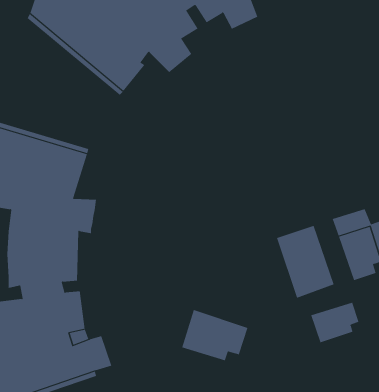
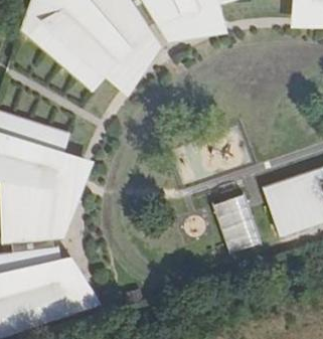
building: [311,302,359,343] -> none
building: [181,309,248,361] -> none

